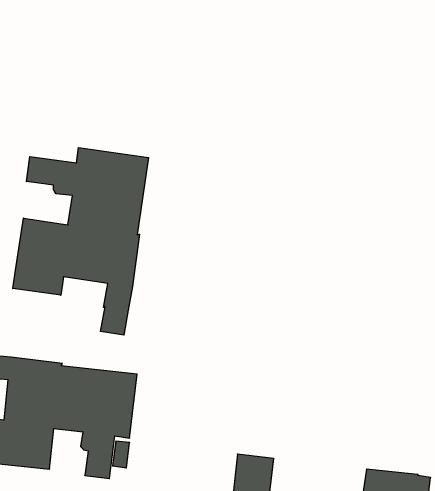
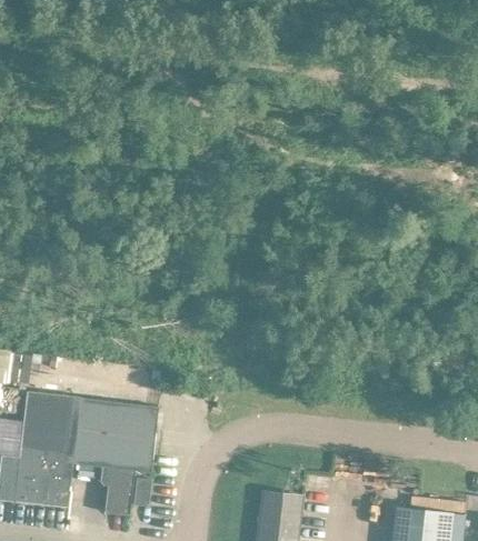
building: [13,148,149,335] -> none

